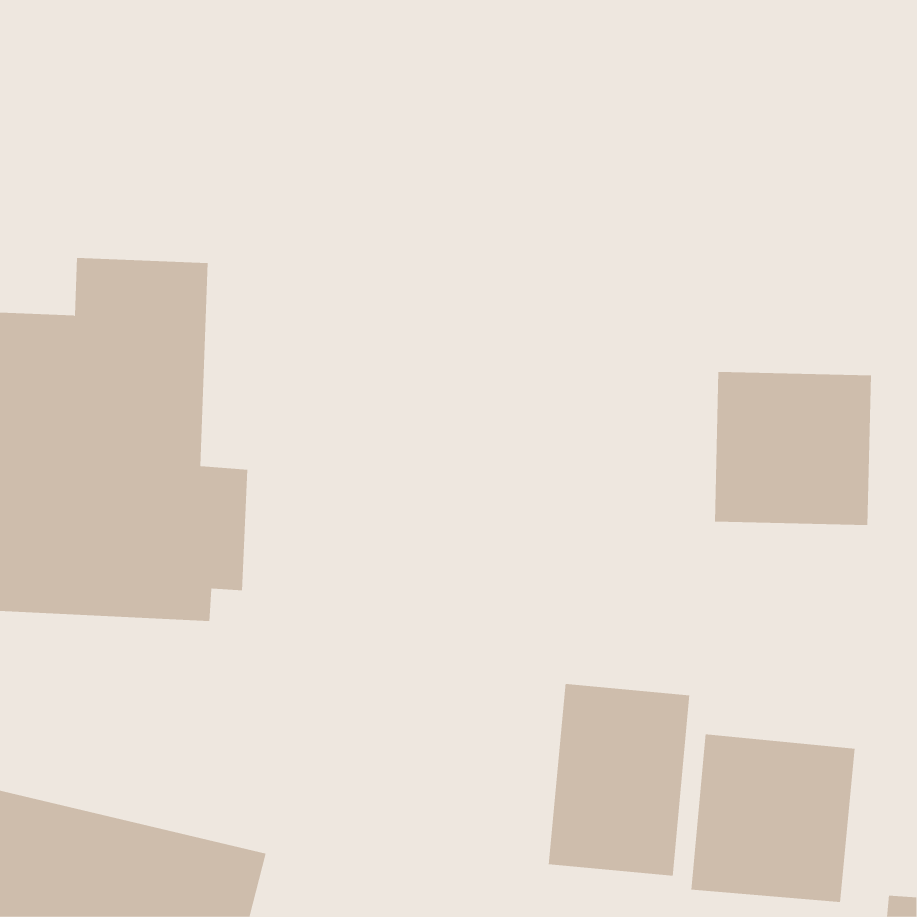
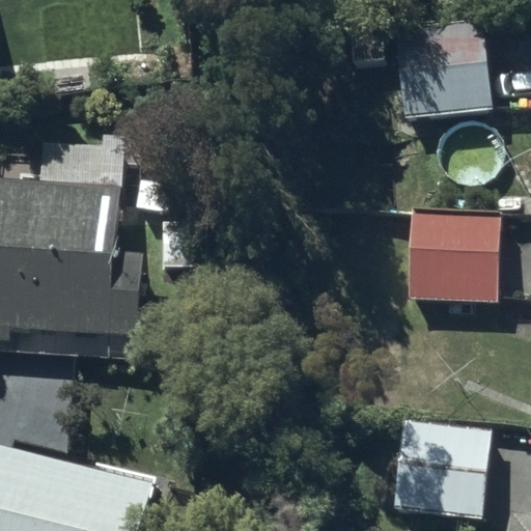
building: none -> [397,23,493,118]
building: [548,683,690,877] -> none

